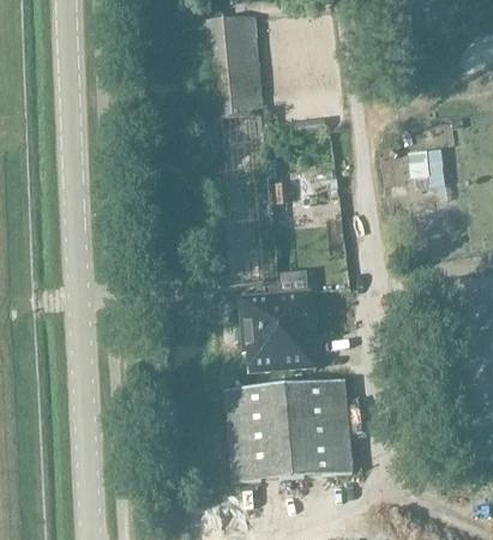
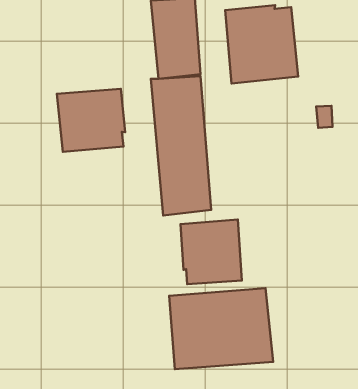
building: none -> [225,5,298,84]
building: none -> [57,89,125,152]

